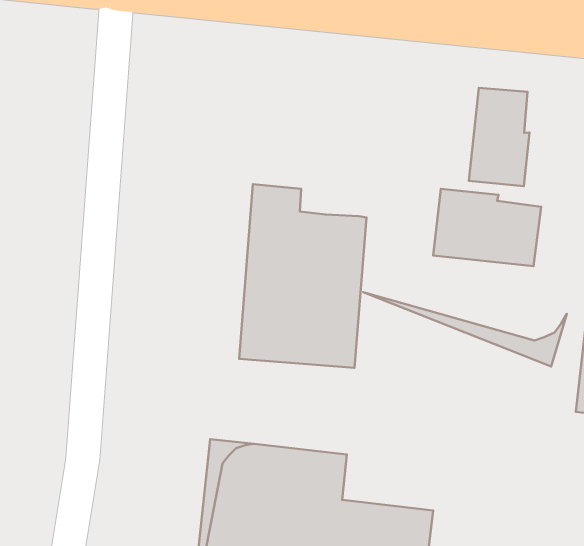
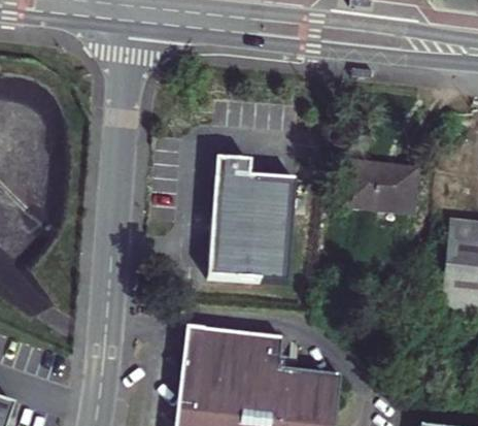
building: [469,88,529,186] -> none
building: [363,292,567,366] -> none

